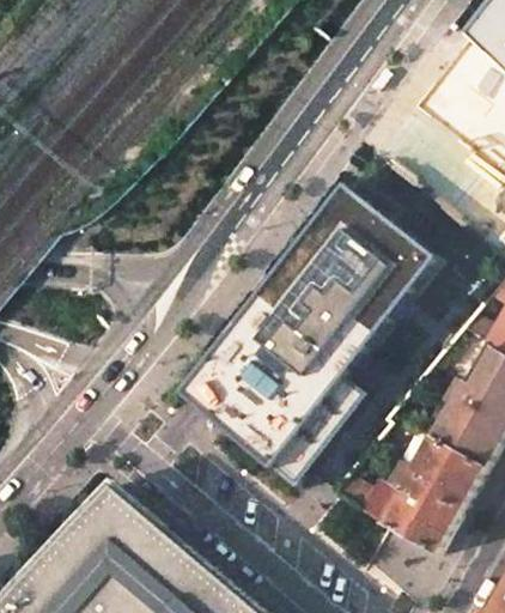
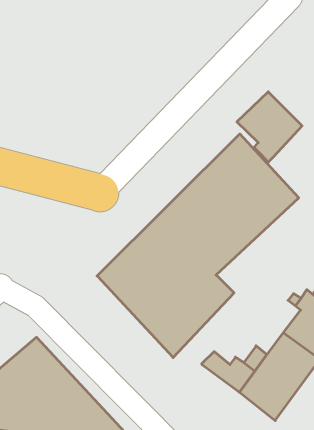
building: none -> [237,92,302,162]

